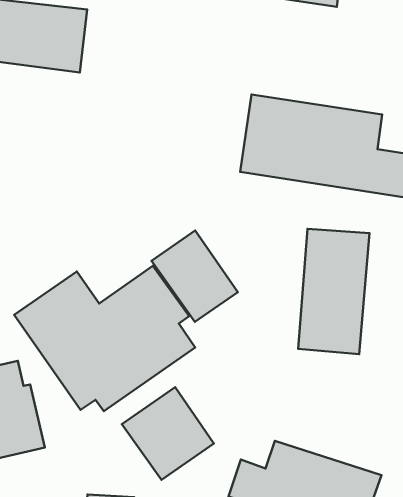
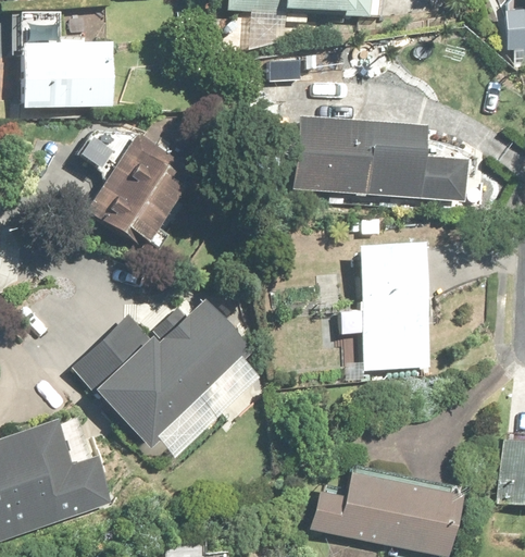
building: none -> [77,132,199,253]
building: [152,230,238,322] -> none
building: [122,387,214,480] -> none

